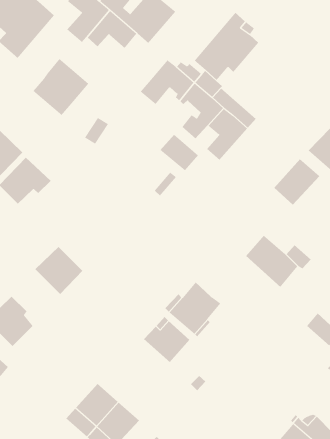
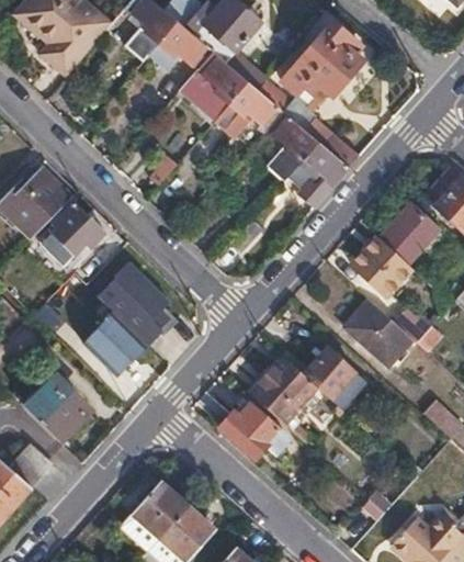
building: [33,58,89,116] -> [179,49,249,121]
building: [160,134,199,171] -> none
building: none -> [353,238,411,294]
building: none -> [98,261,170,346]
building: none -> [304,349,360,408]

